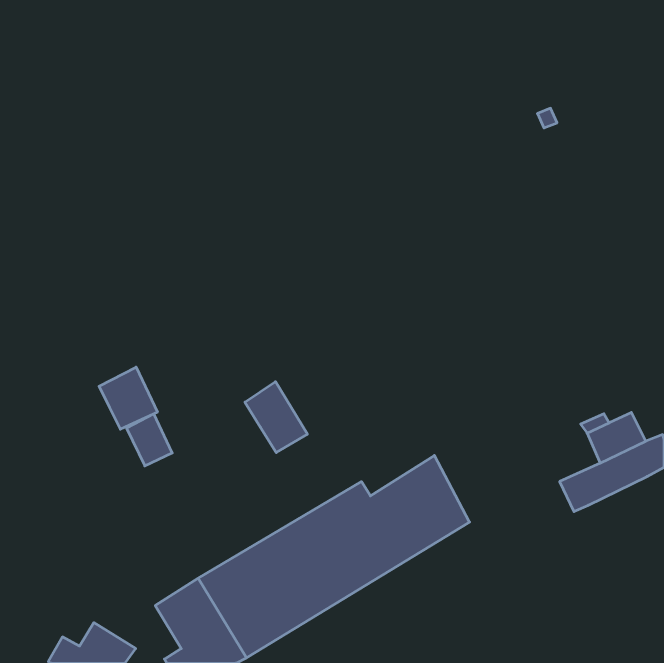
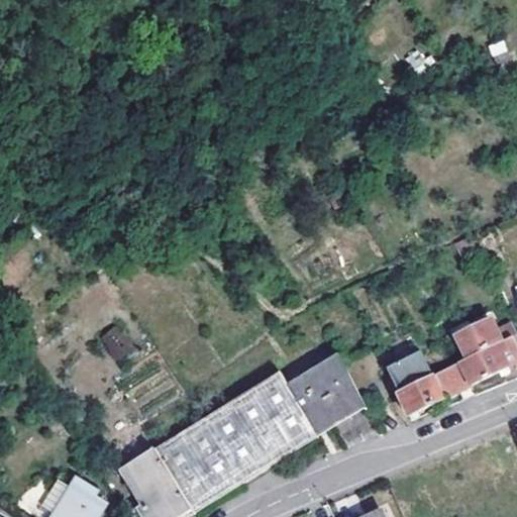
building: [99,367,157,429] -> none
building: [245,382,307,453] -> none
building: none -> [385,349,445,414]

